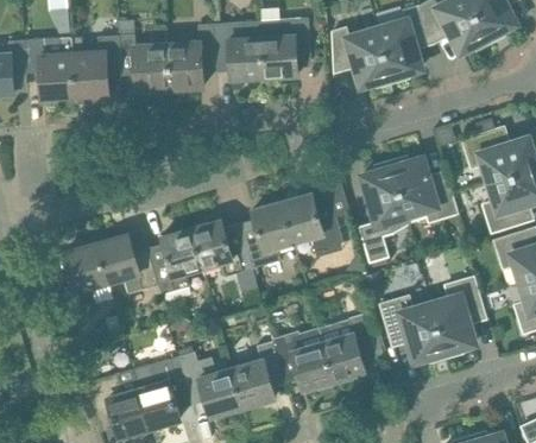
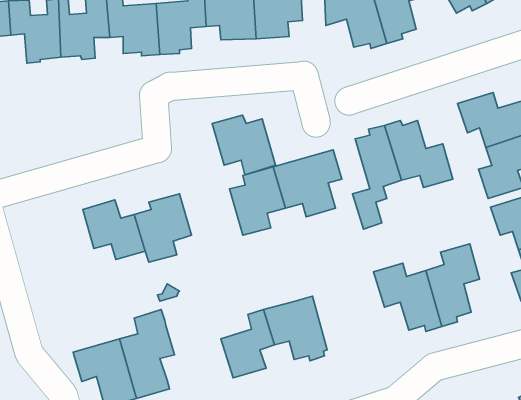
building: [190,220,252,278] -> [212,115,275,175]
building: [56,243,107,311] -> none
building: [320,316,376,380] -> none
building: [177,352,242,417] -> none

